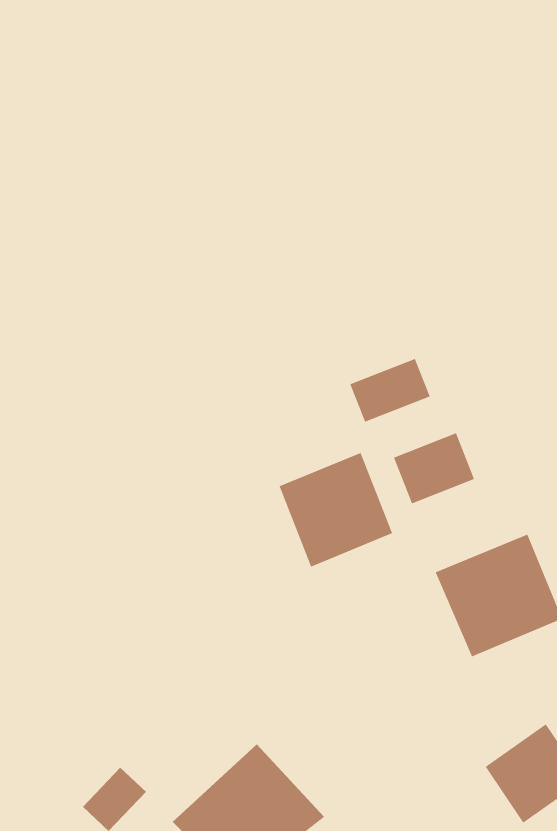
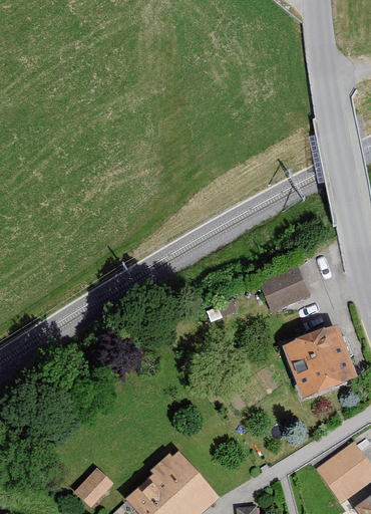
building: [350,358,430,423] -> none
building: [279,452,393,567] -> none

